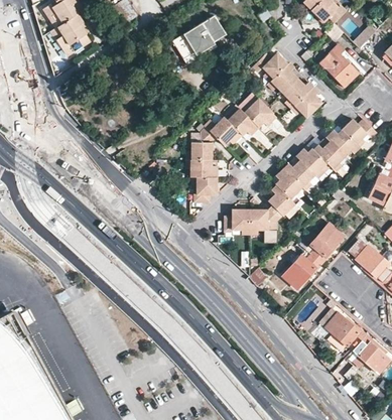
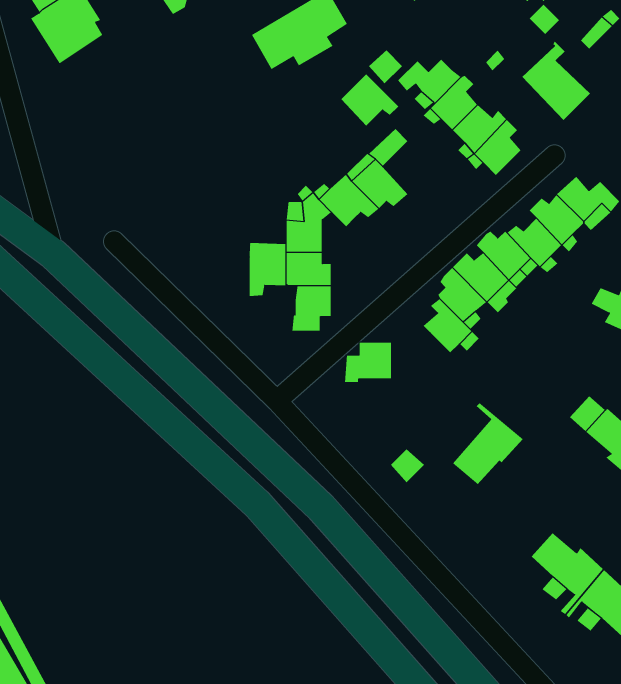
building: [245,99,277,128] -> [341,74,399,127]
building: none -> [249,242,286,297]
building: [250,204,282,231] -> none
building: [298,223,344,263] -> none

